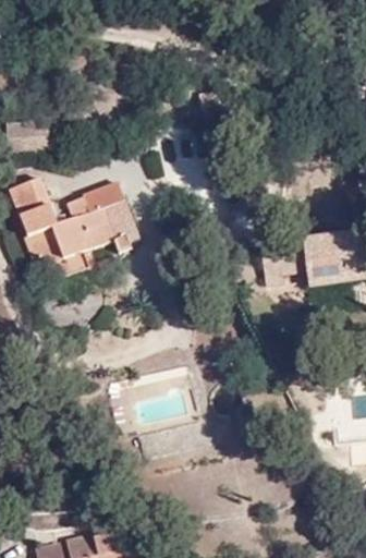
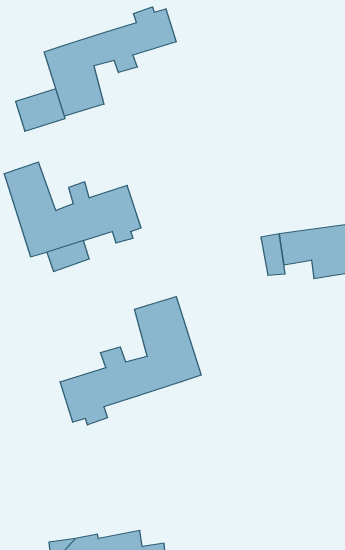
building: none -> [44,7,176,116]
building: none -> [60,296,201,425]

